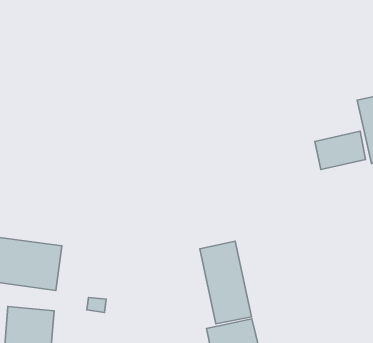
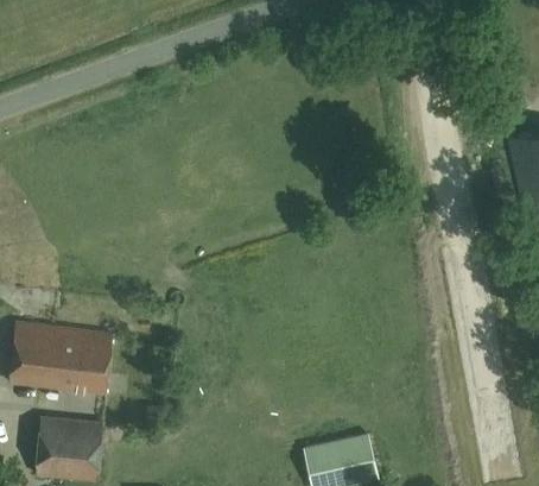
building: [315,131,365,169] -> none
building: [200,241,251,324] -> none

